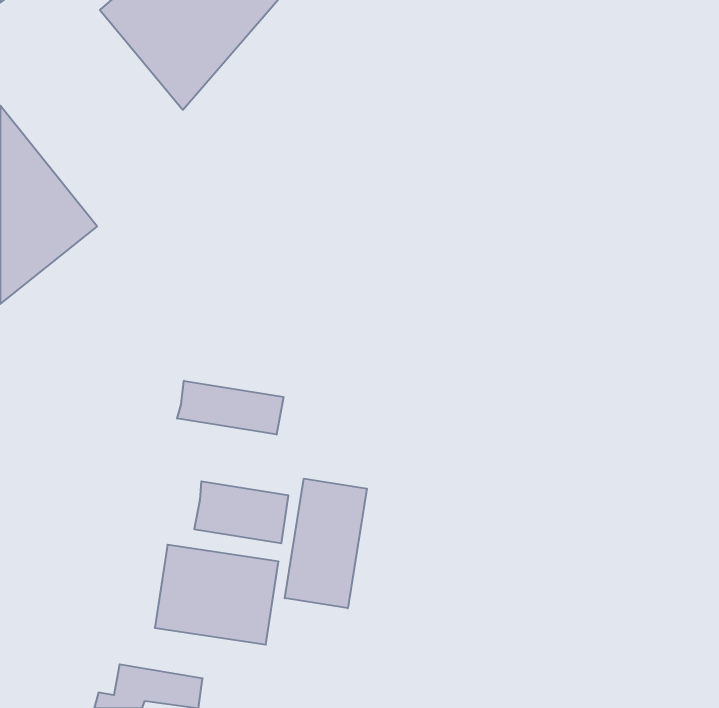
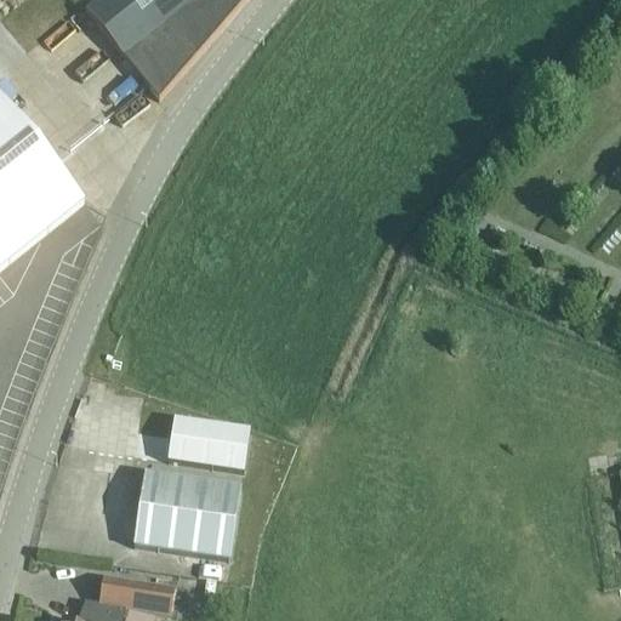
building: [177,381,283,435] -> none
building: [285,479,367,608] -> none

